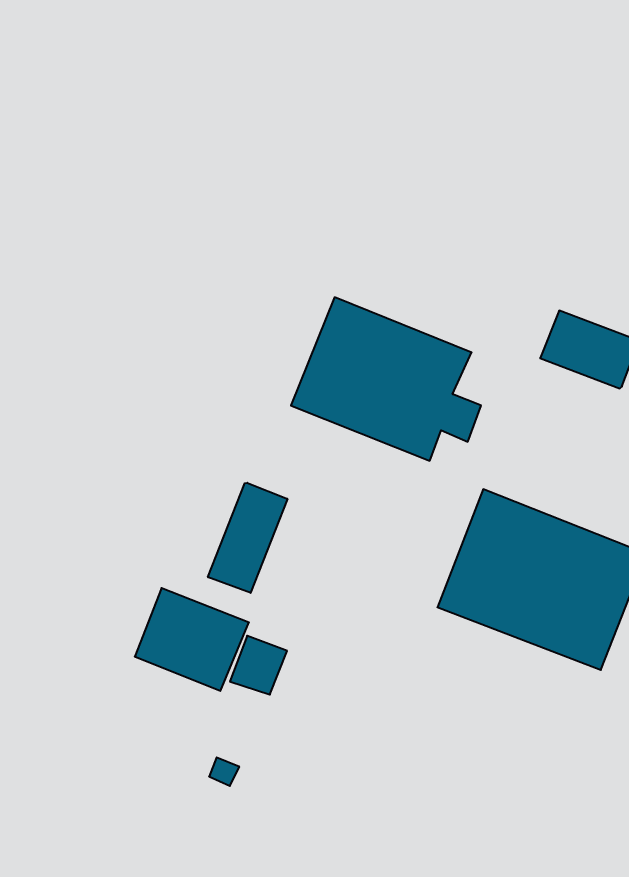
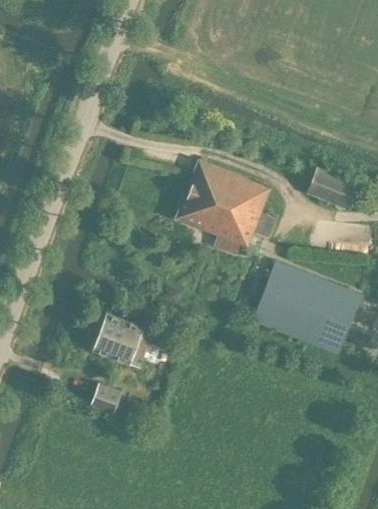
building: [208,483,287,593] -> none
building: none -> [88,382,120,414]

